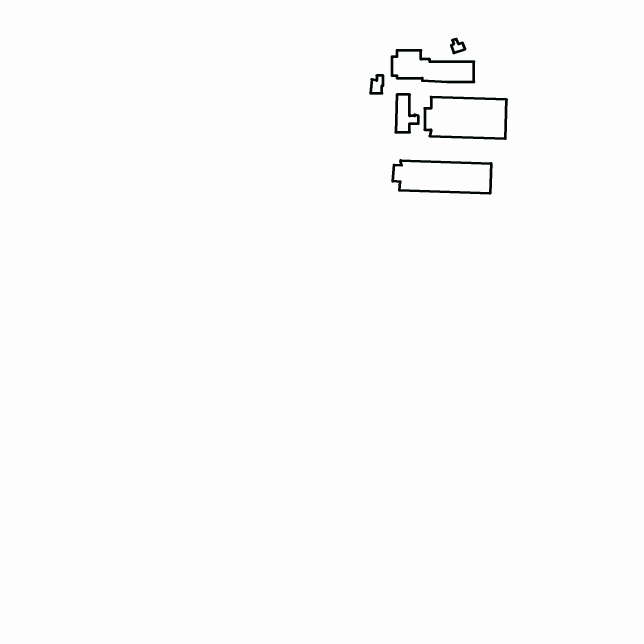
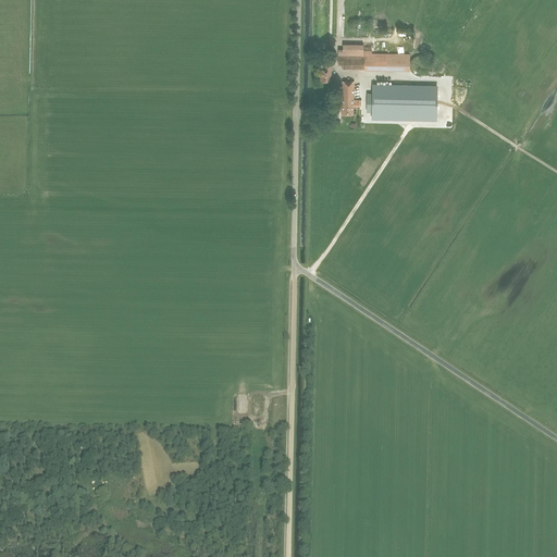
building: [393,160,491,193] -> none

